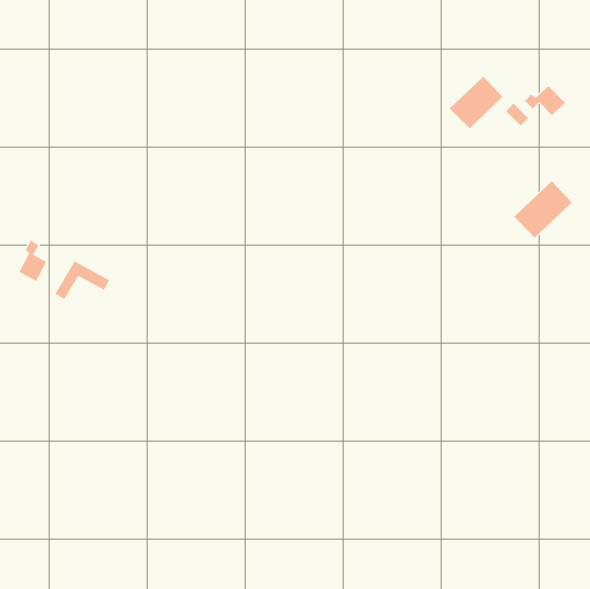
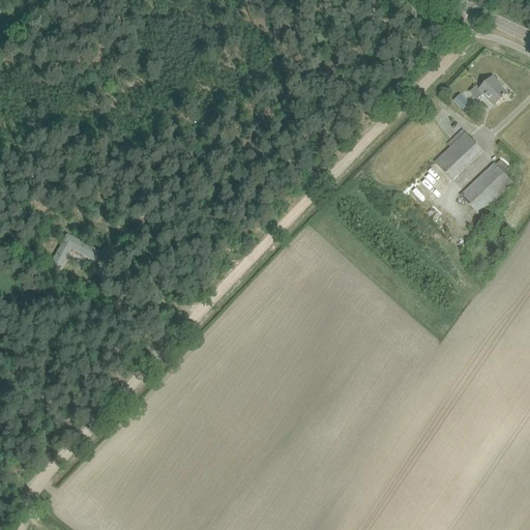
building: [449,76,503,129] -> [434,131,482,179]
building: [19,240,47,282] -> none

